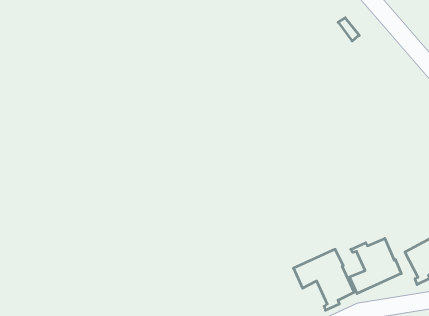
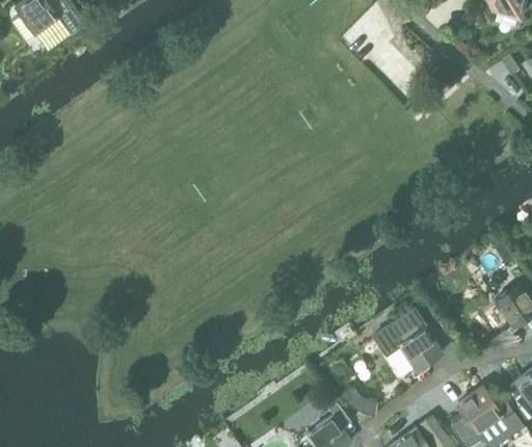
building: [350,238,401,294] -> none

